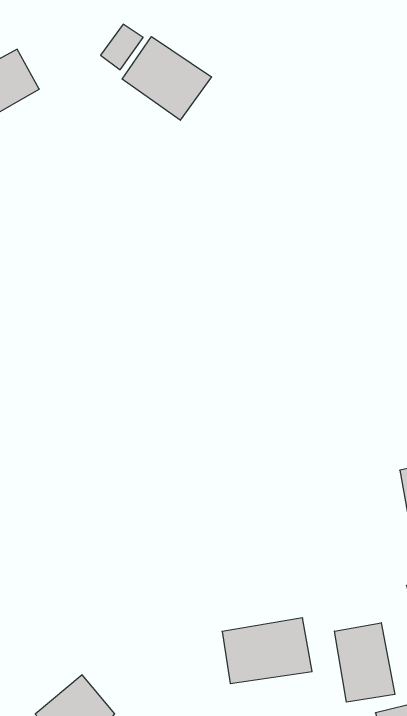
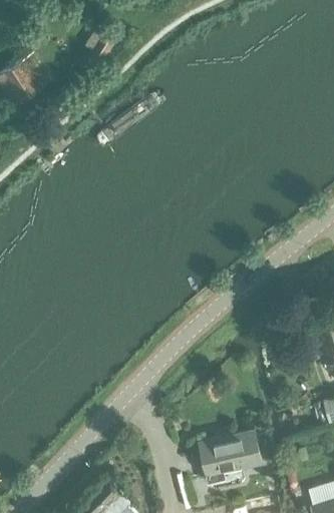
building: [122,37,212,120] -> none
building: [335,623,395,702] -> none

